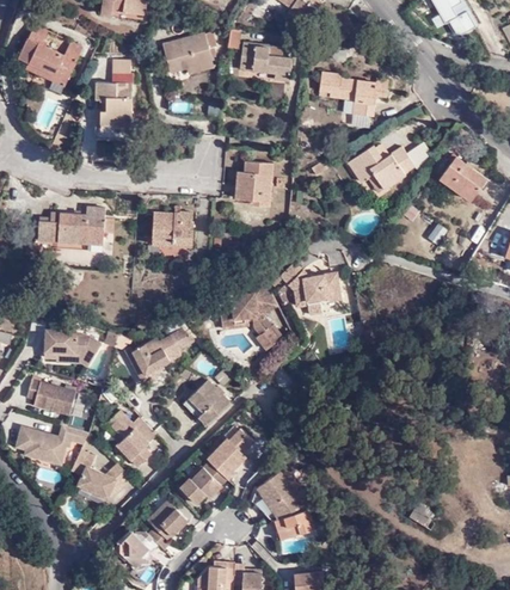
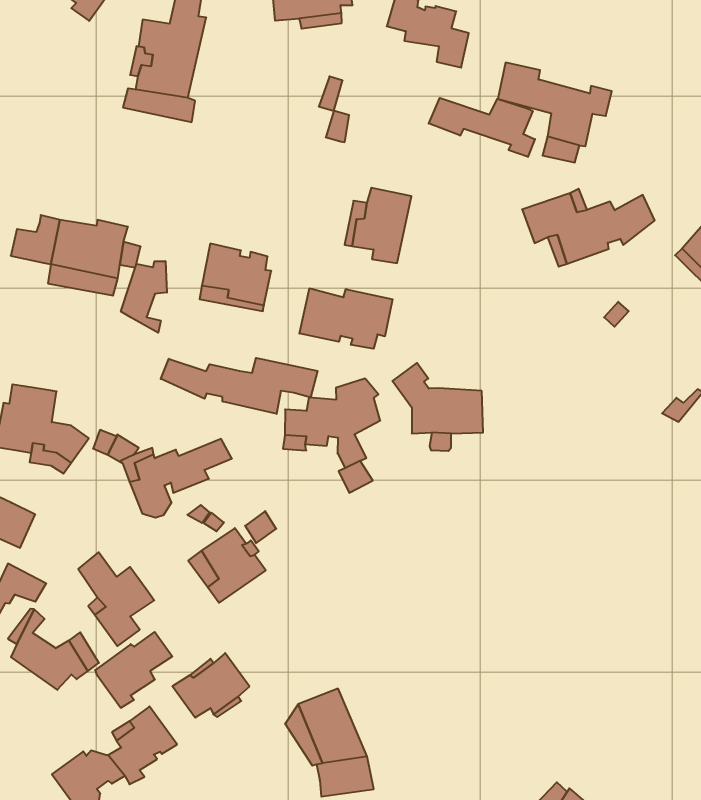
building: none -> [429,98,535,157]
building: none -> [299,288,393,349]
building: none -> [121,261,167,333]
building: none -> [161,358,318,414]
building: [205,428,251,477] -> [95,632,172,708]

